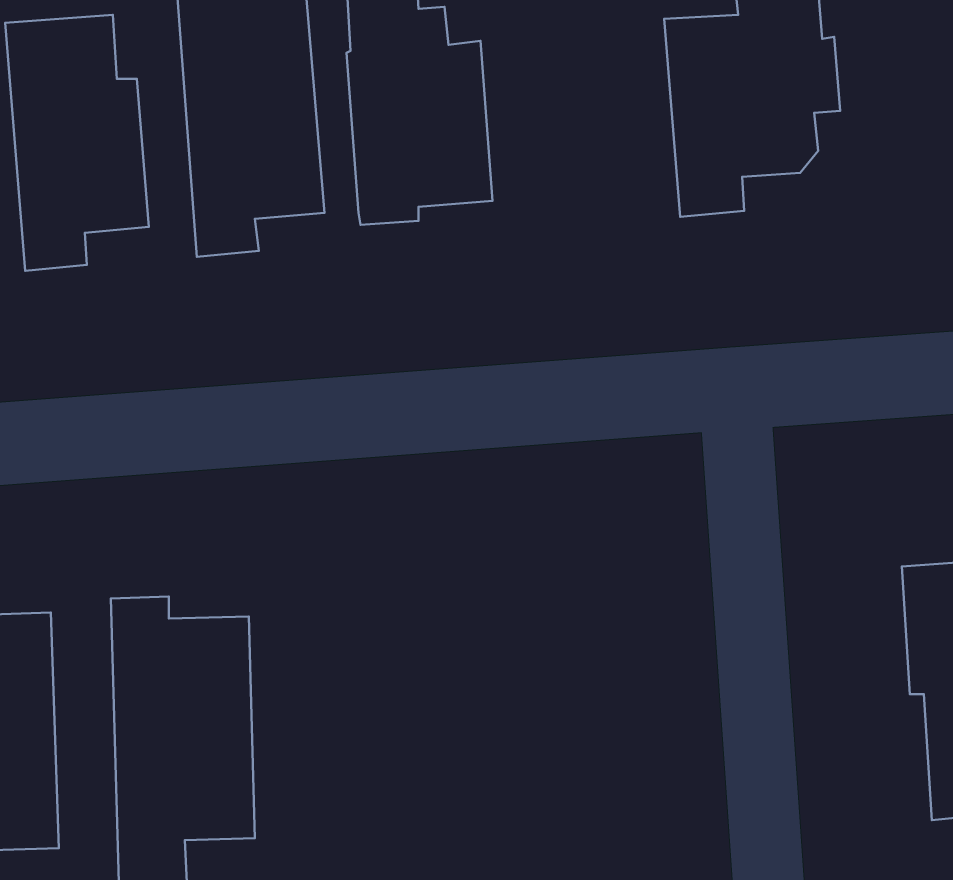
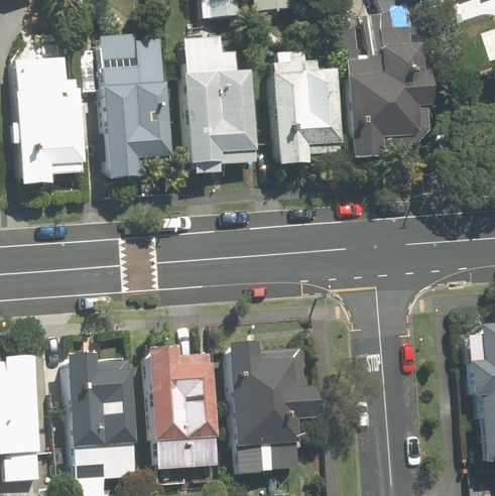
building: none -> [271,58,344,162]
building: none -> [224,337,318,474]
building: none -> [149,344,217,468]

